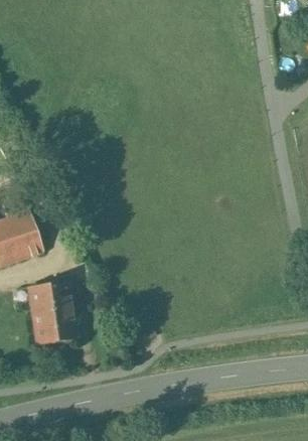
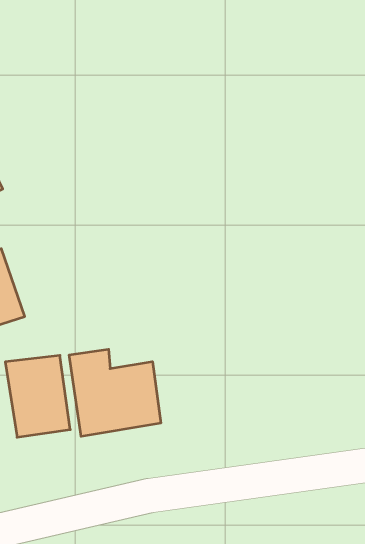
building: none -> [69,349,161,436]

